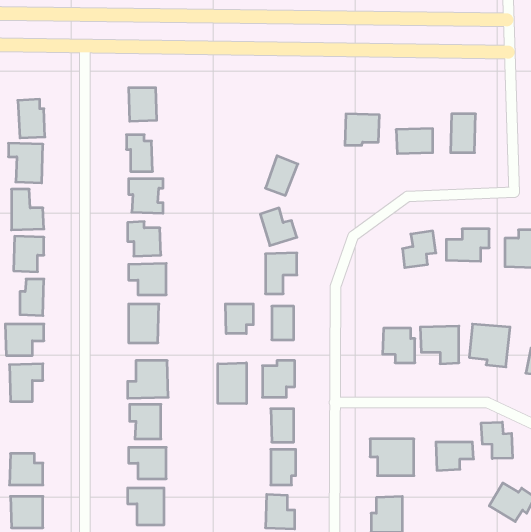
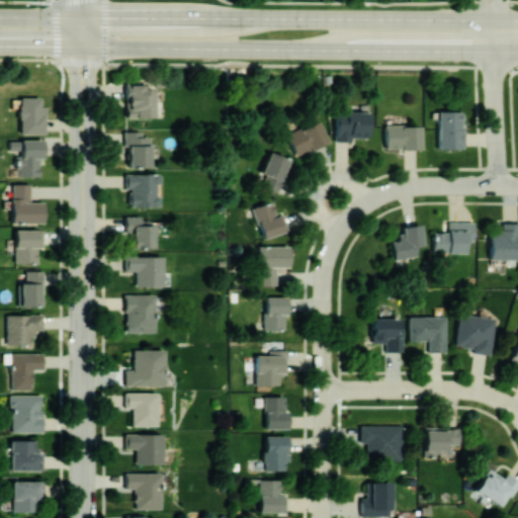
building: none -> [287,120,329,156]
building: [225,304,253,334] -> none
building: [218,363,246,404] -> none
building: none -> [13,396,44,433]
building: [481,422,512,459] -> none

